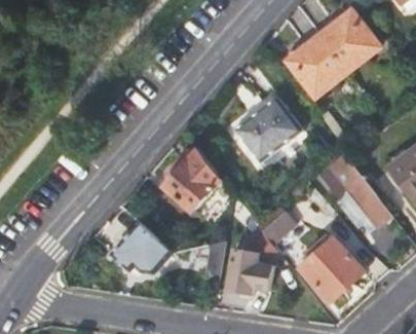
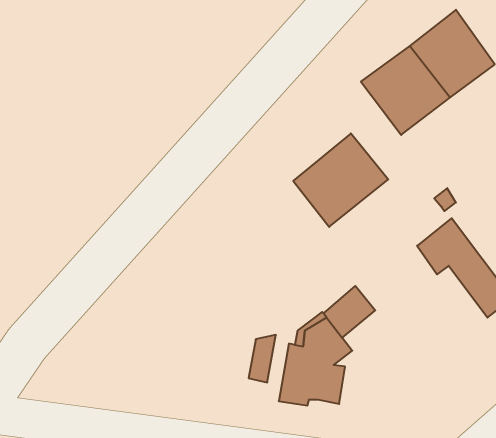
building: [163,148,221,212] -> none
building: [112,223,172,273] -> none
building: [297,237,363,303] -> none

